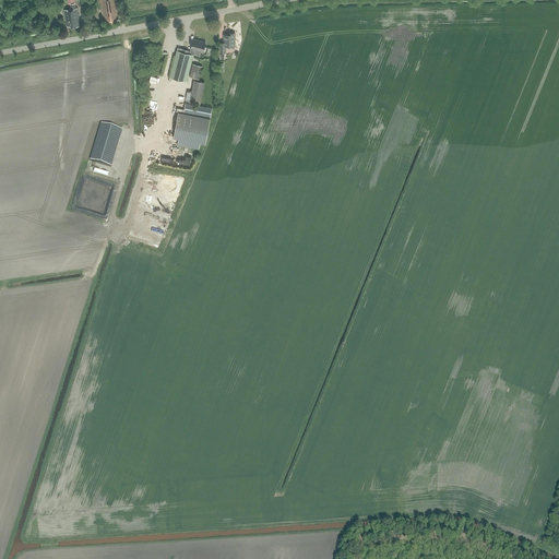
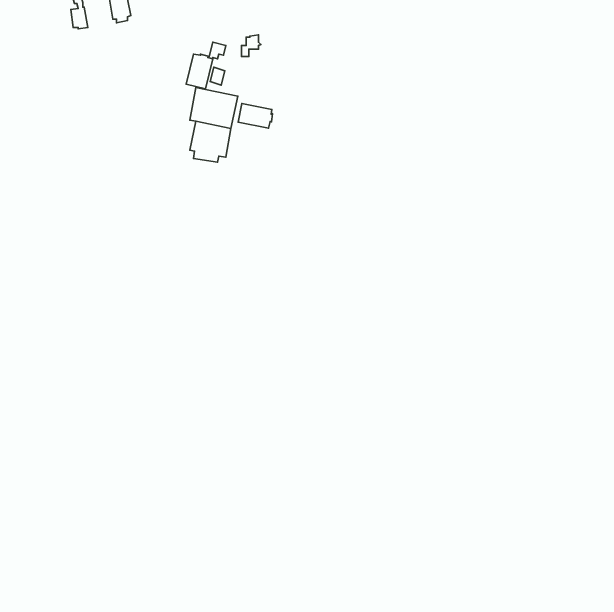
building: none -> [238,104,273,128]
building: [90,123,122,166] -> none

